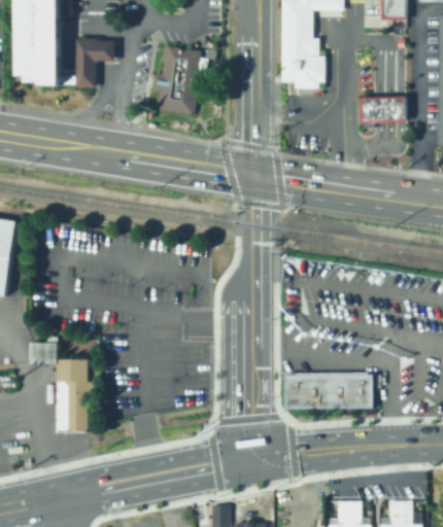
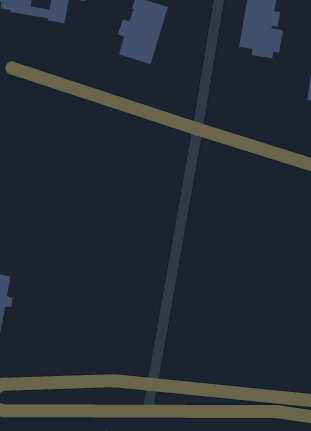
building: [286,374,375,409] -> none

